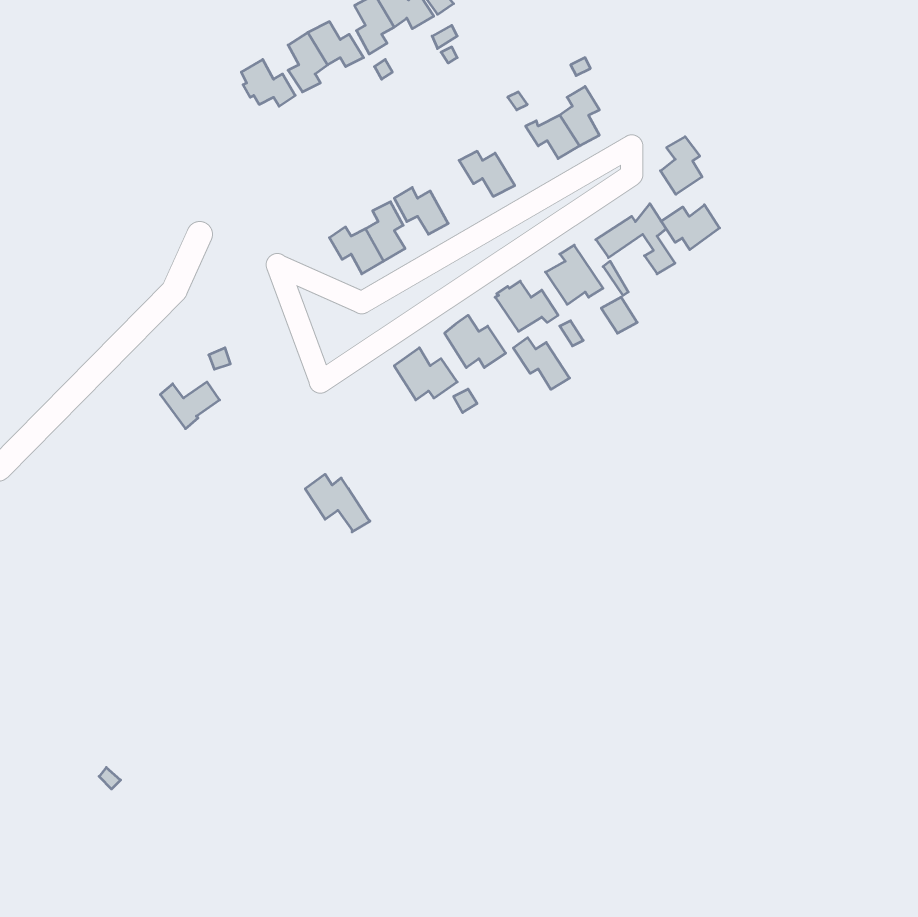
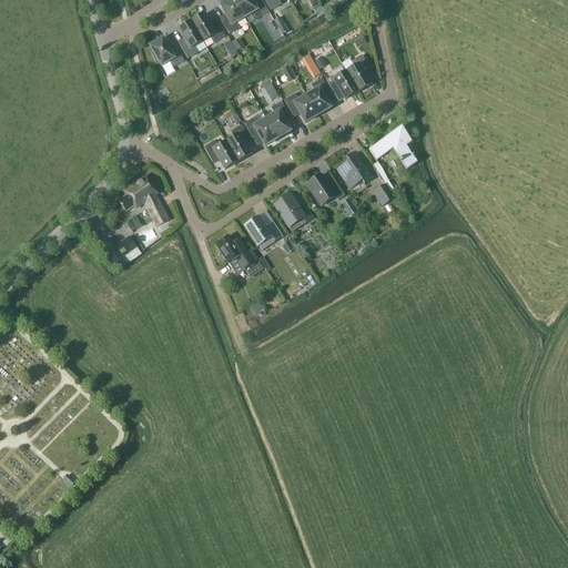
building: none -> [305,78,329,114]
building: [660,137,702,194] -> none
building: none -> [265,101,290,138]
building: [661,205,720,250] -> none
building: none -> [118,175,168,225]
building: [513,338,570,389] -> none
building: [305,474,370,532] -> [215,234,255,270]

